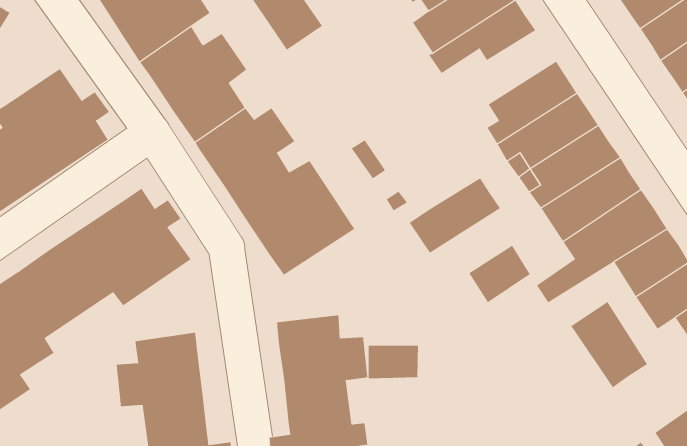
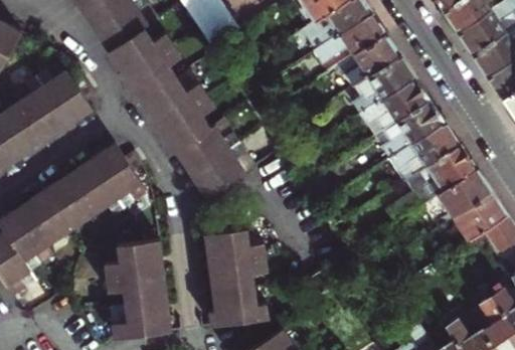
building: [409,178,501,253] -> [336,34,399,86]
building: [468,245,530,303] -> none
building: [570,301,648,388] -> none
building: [368,345,418,379] -> none

